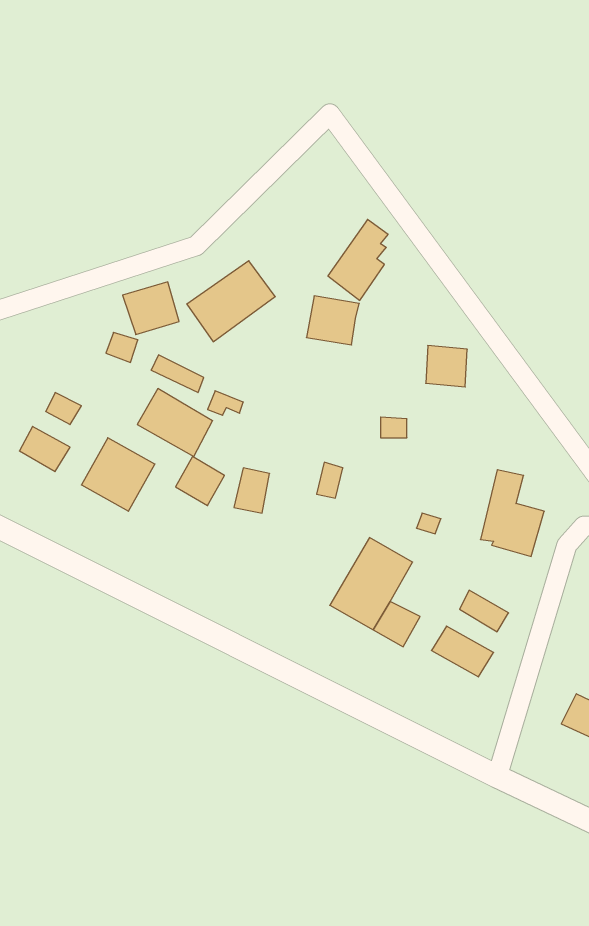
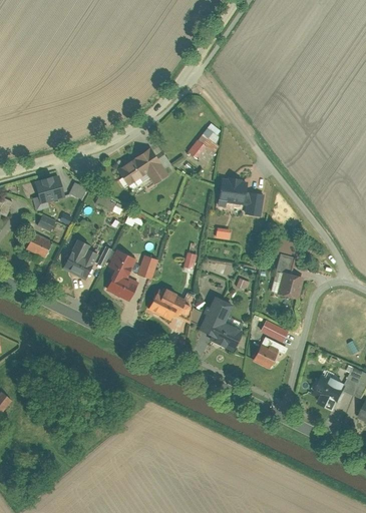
building: [123,282,179,335] -> [33,174,63,202]
building: [306,296,359,345] -> [218,177,246,203]
building: [137,389,213,456] -> [98,265,138,301]
building: none -> [148,290,184,321]

